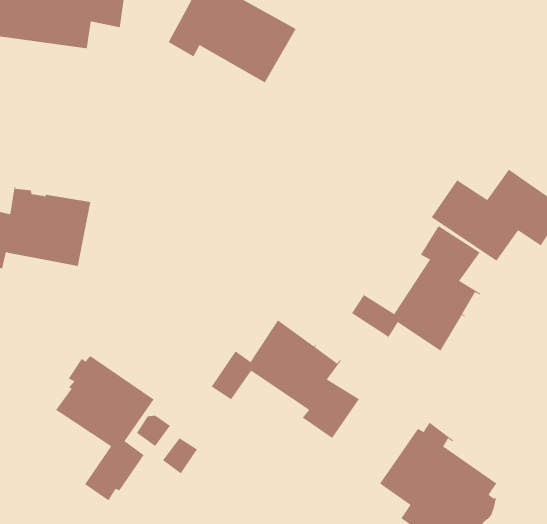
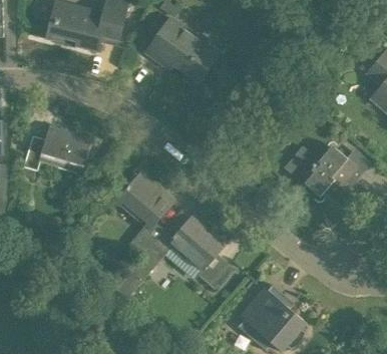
building: [351,225,481,352] -> none
building: [55,355,154,501] -> [116,170,173,255]

